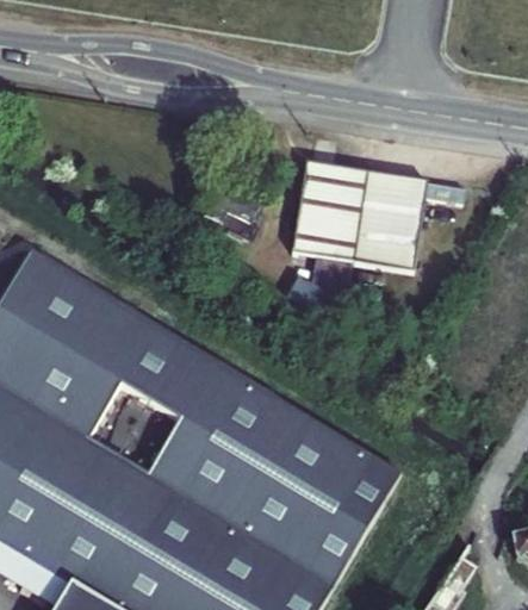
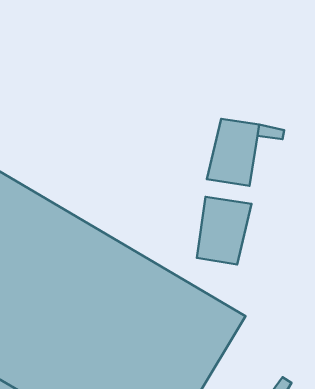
building: [287,168,368,268] -> [197,197,252,264]

